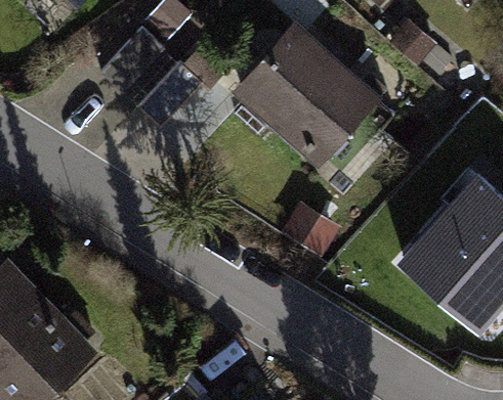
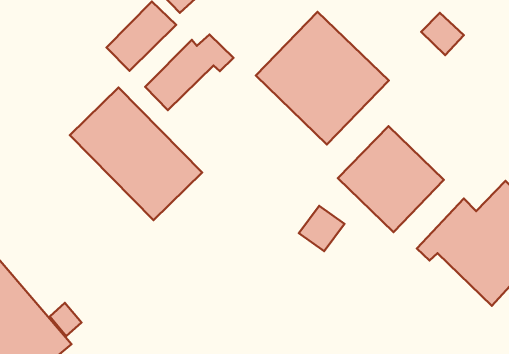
building: none -> [70,87,202,220]
building: none -> [338,126,444,232]

